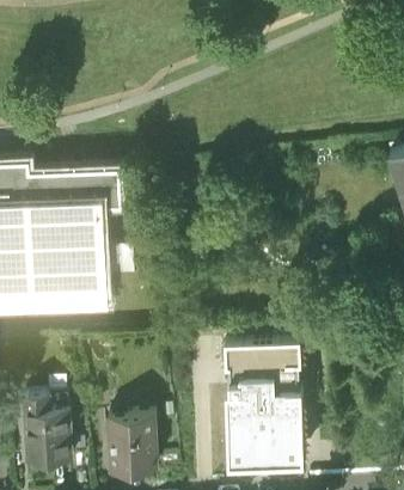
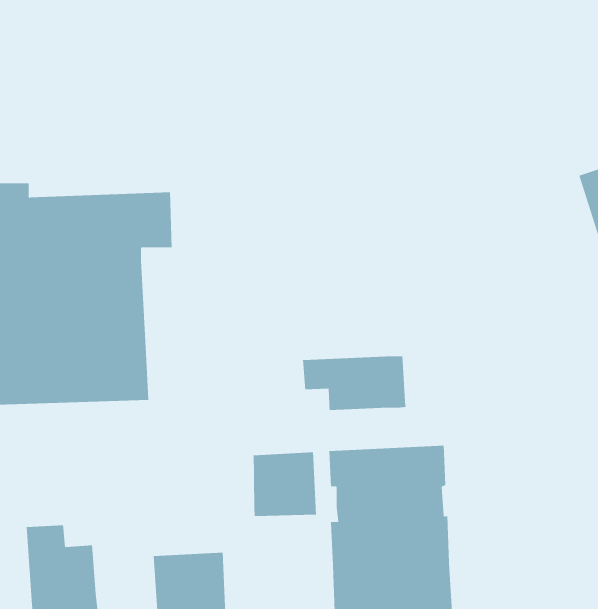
building: none -> [303,355,406,411]
building: none -> [253,452,317,517]

